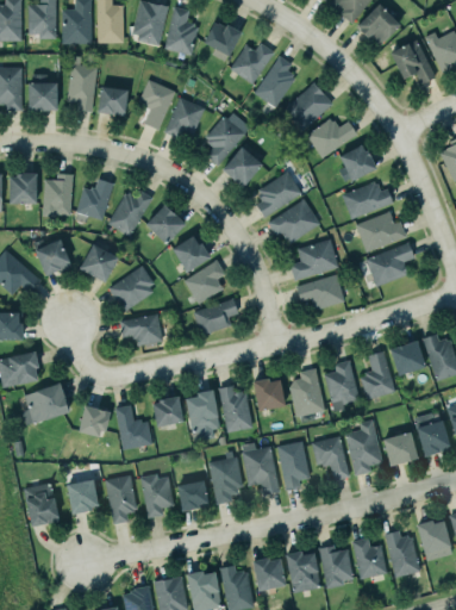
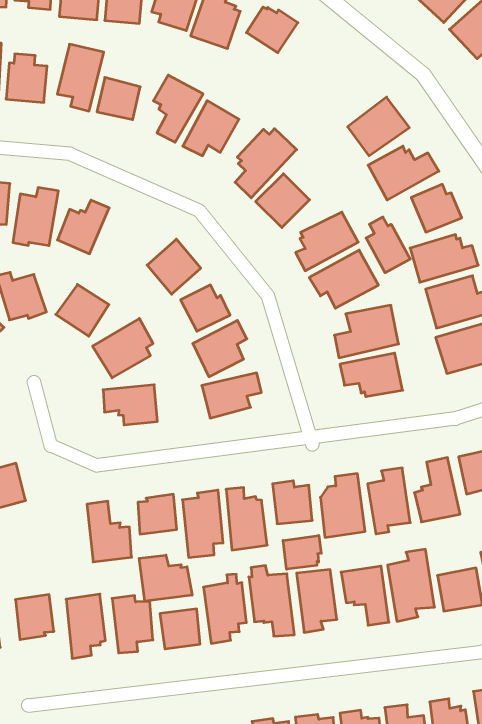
building: [230,43,275,85] -> none
building: [254,55,295,107] -> none
building: none -> [366,217,410,273]
building: [107,189,154,236] -> none
building: [80,405,111,436] -> none
building: none -> [283,535,321,569]
building: none -> [139,555,192,601]

